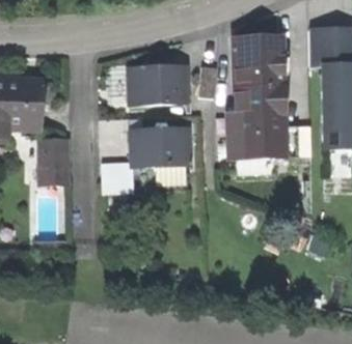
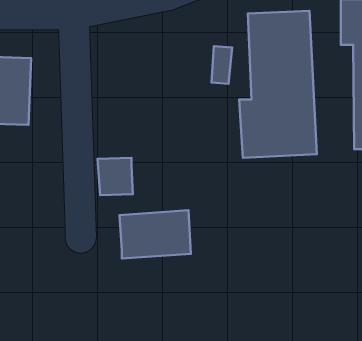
building: [128,66,189,107] -> none
building: [129,127,190,169] -> [119,210,191,259]
building: [36,138,70,187] -> none

